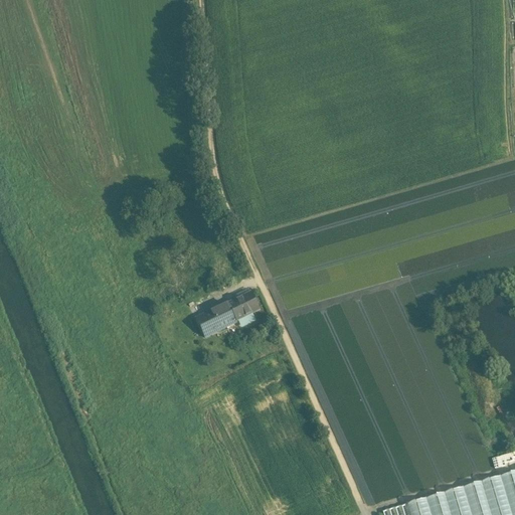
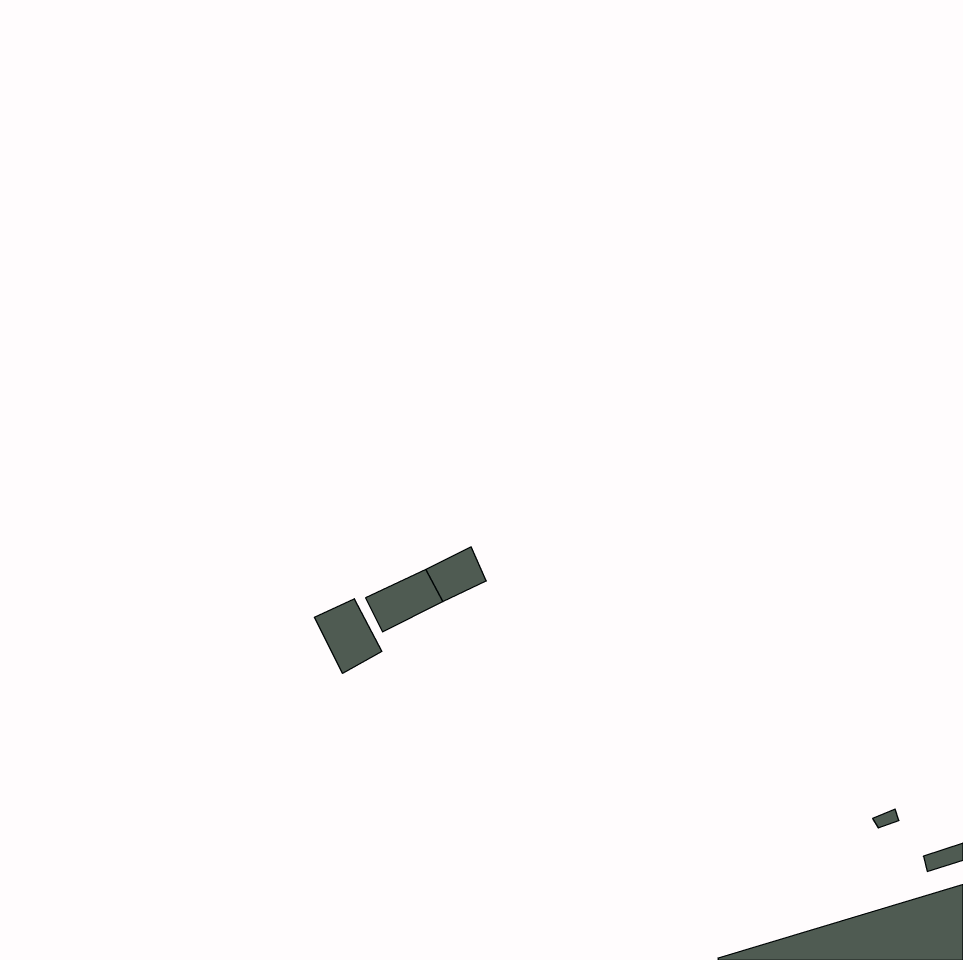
building: none -> [315,599,382,673]

